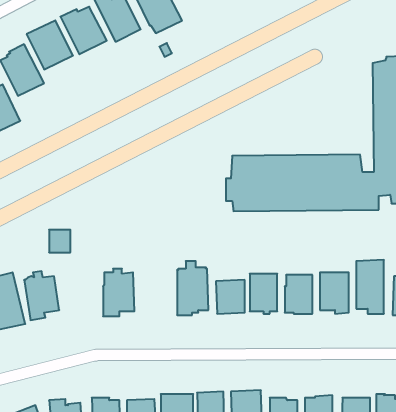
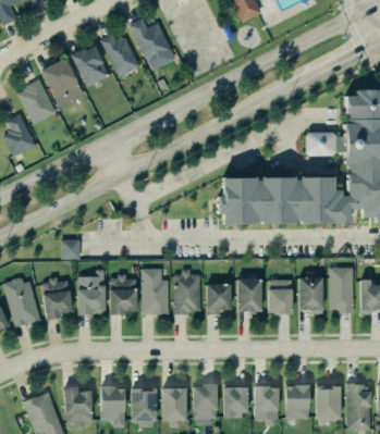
building: none -> [306,133,335,157]
building: none -> [143,269,170,315]
building: none -> [76,270,103,314]

